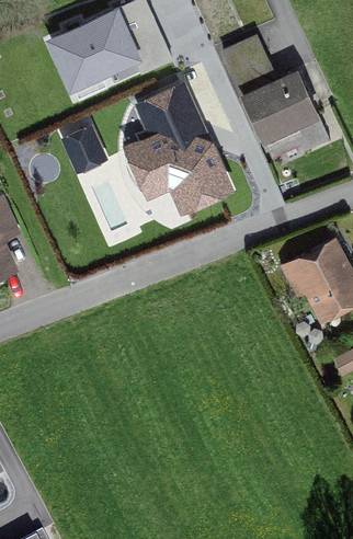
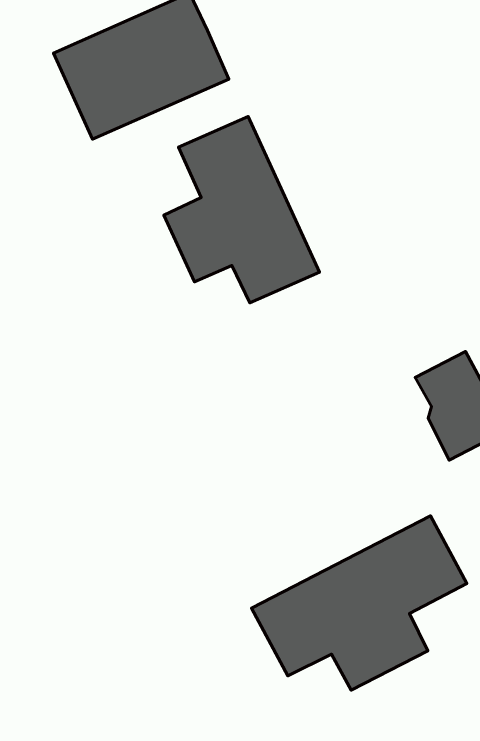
building: [219,35,324,152] -> none
building: none -> [252,516,467,690]

